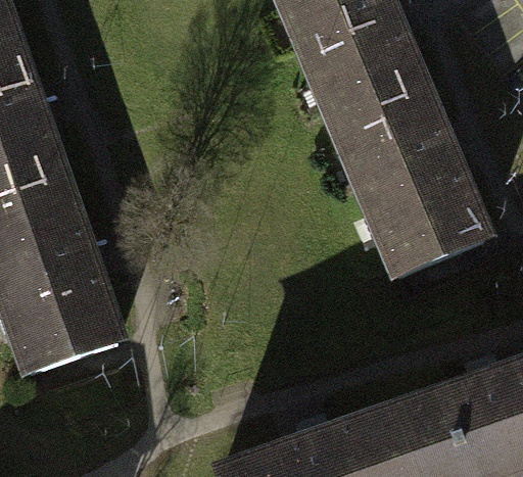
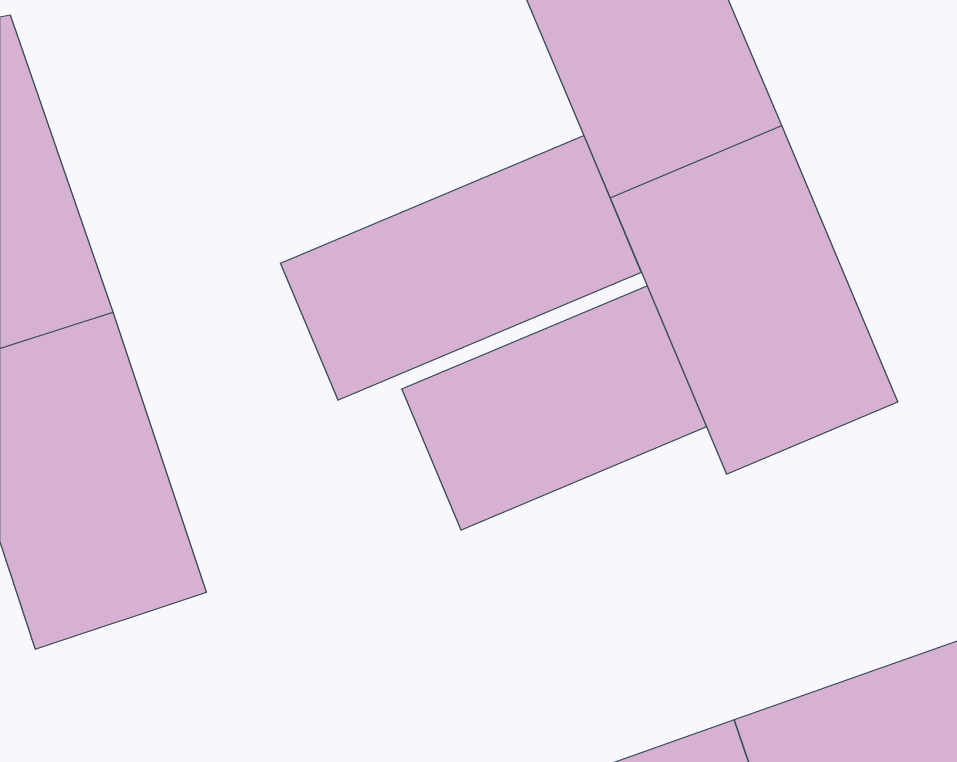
building: none -> [281,136,641,400]
building: none -> [402,286,706,530]

